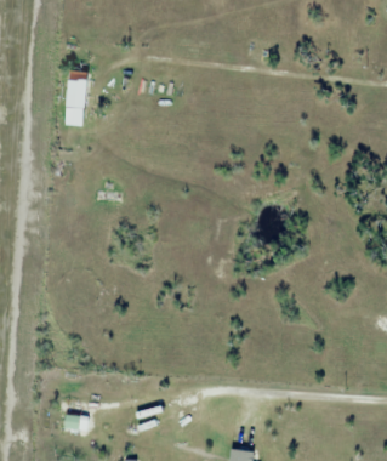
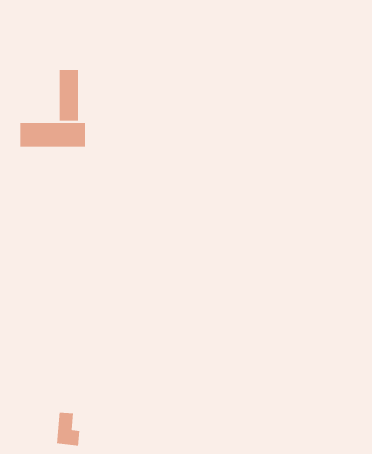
building: none -> [20,122,86,148]

